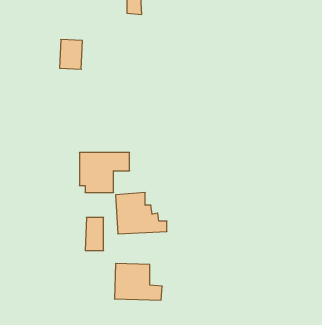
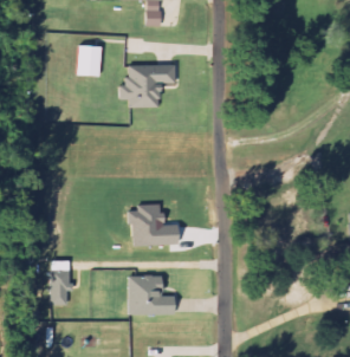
building: [79,153,130,192] -> [119,65,171,106]
building: [85,217,104,251] -> [52,270,71,304]

